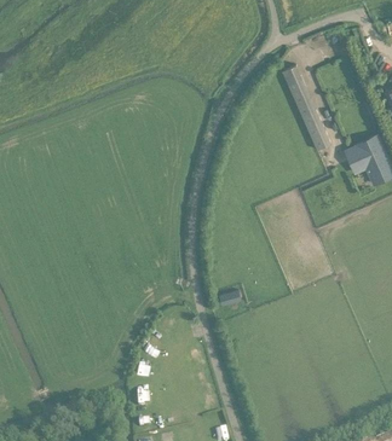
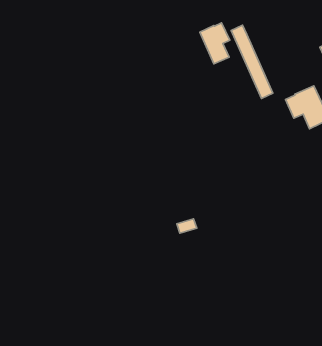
building: none -> [200,23,230,64]

